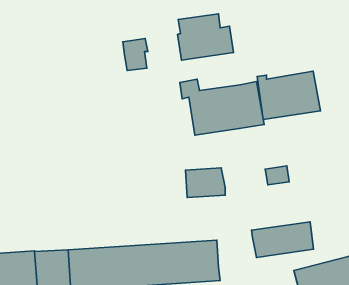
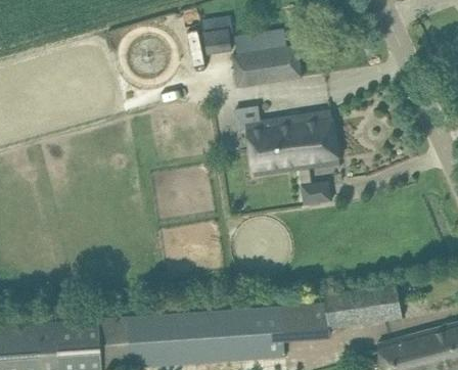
building: [123,38,148,71] -> [201,14,232,54]
building: [257,71,321,120] -> none
building: [265,166,289,185] -> [301,182,330,205]
building: [186,168,225,198] -> [281,304,330,340]

